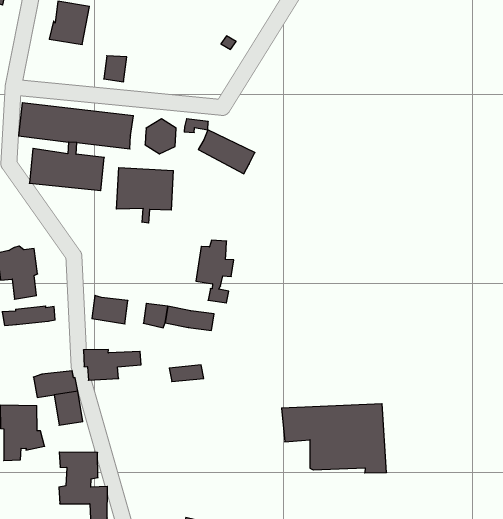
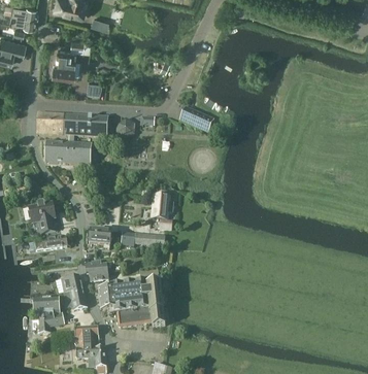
building: [198,130,255,174] -> [180,108,215,134]
building: [116,168,173,223] -> none
building: [282,404,387,473] -> [98,283,165,327]

